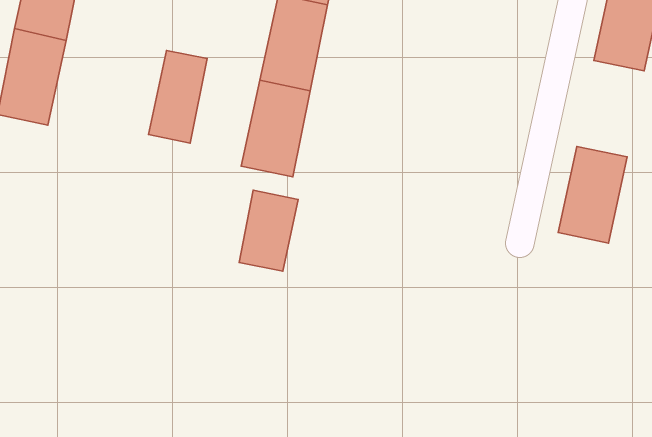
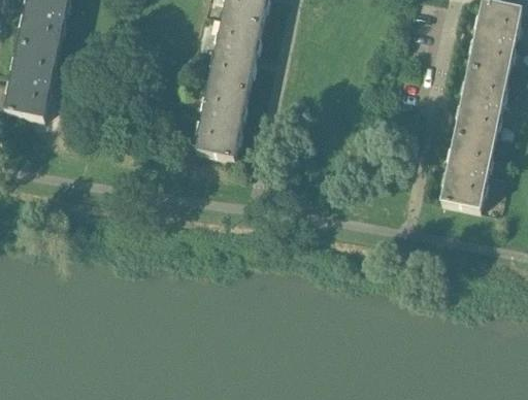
building: [149,50,207,143] -> none
building: none -> [455,67,507,142]
building: [239,190,298,271] -> none

